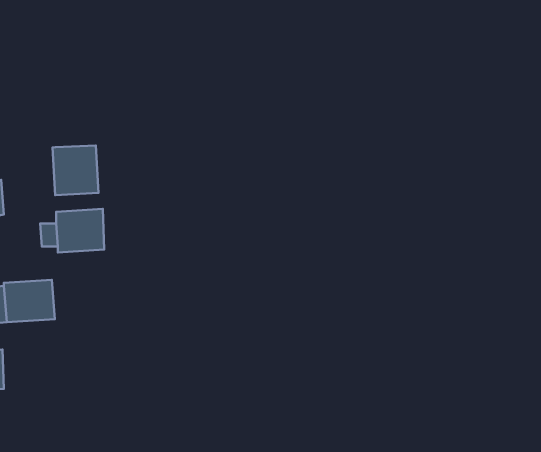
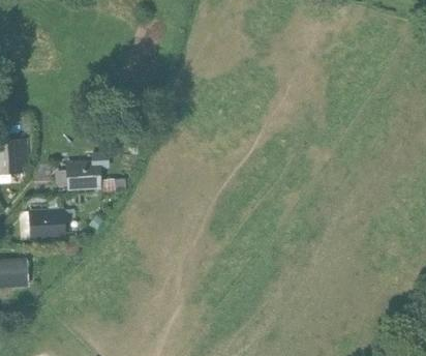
building: [52,145,99,195] -> none

